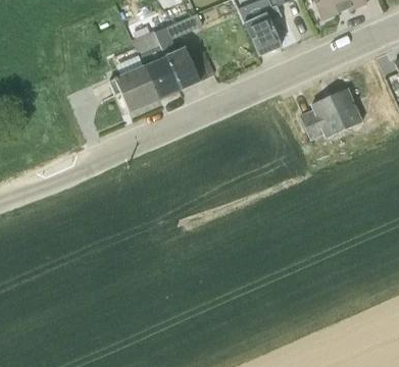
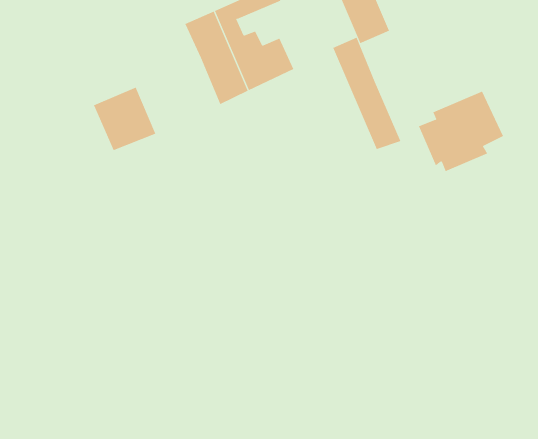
building: none -> [332,37,401,150]
building: [114,65,159,111] -> [93,87,156,151]

